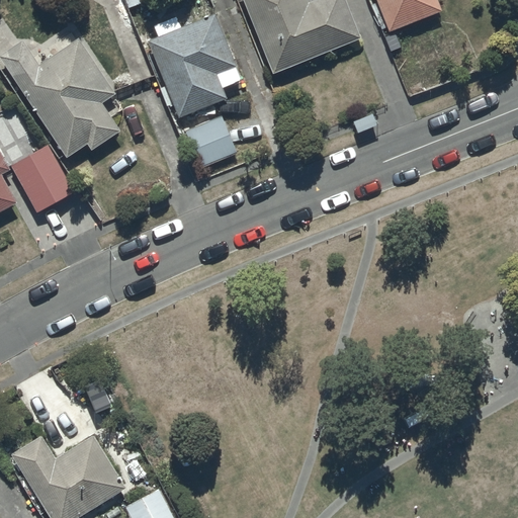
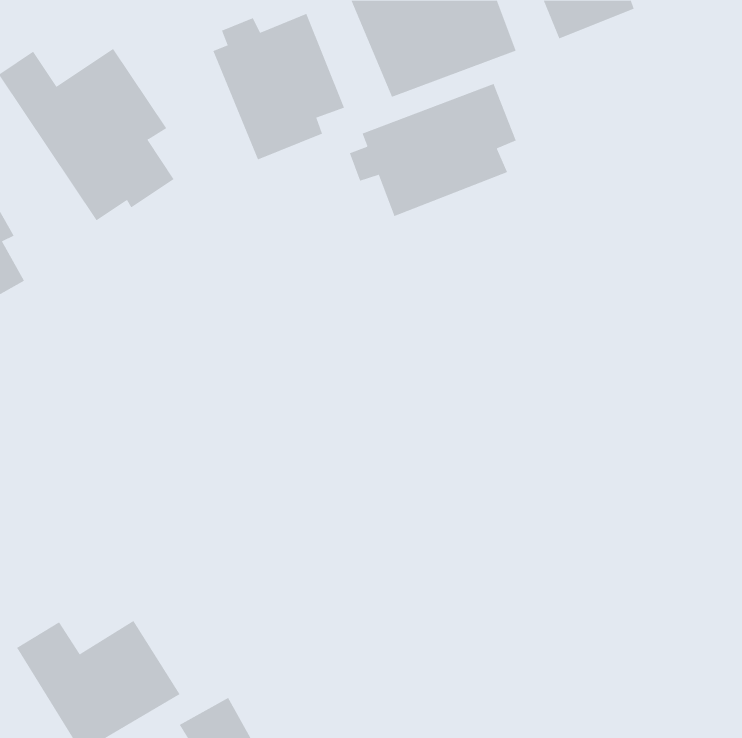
building: none -> [349,83,516,217]
building: [184,115,236,169] -> none
building: [11,146,73,211] -> none

